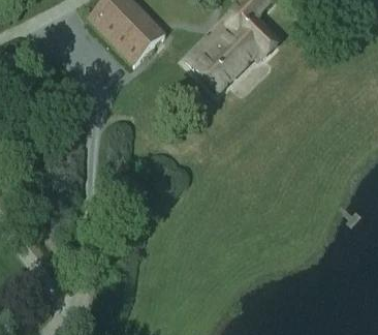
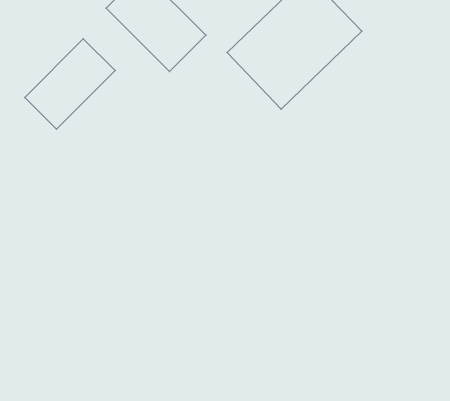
building: none -> [25,39,115,129]

